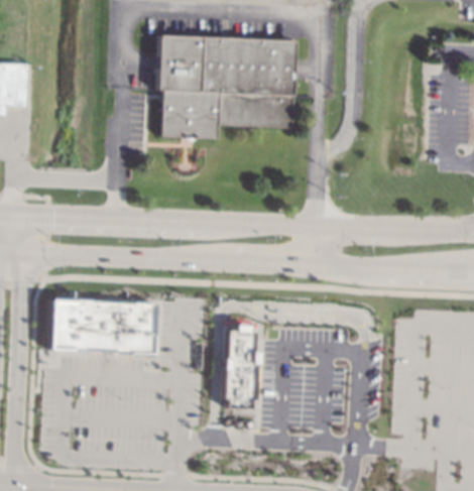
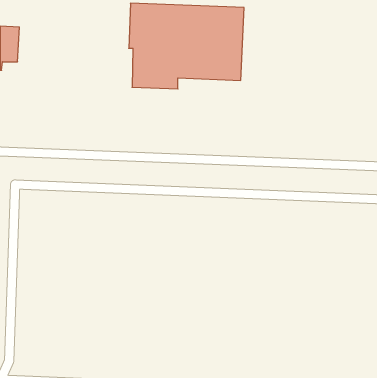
building: [49,298,154,353] -> none
building: [222,324,257,407] -> none

